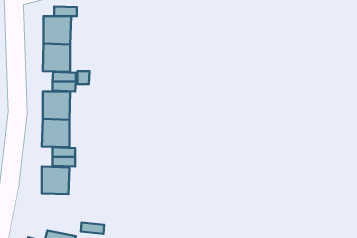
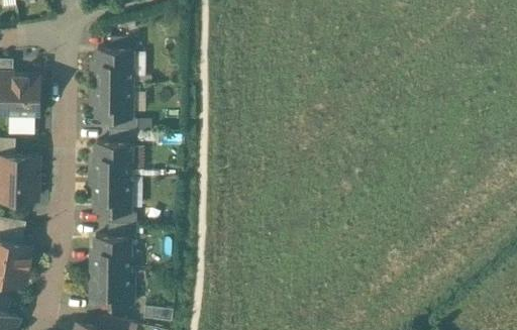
building: none -> [88,270,131,306]

